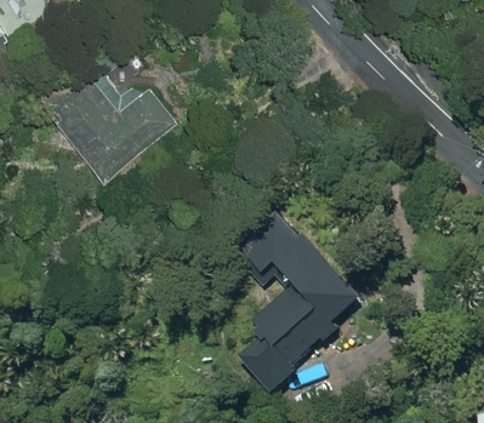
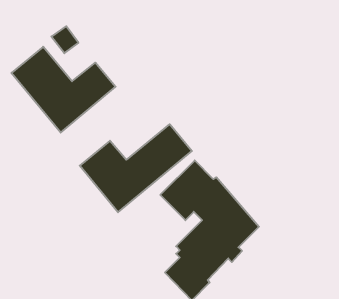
building: none -> [80,124,192,212]

